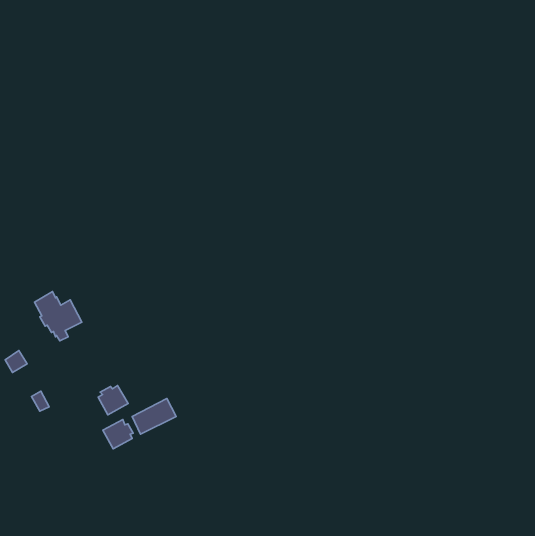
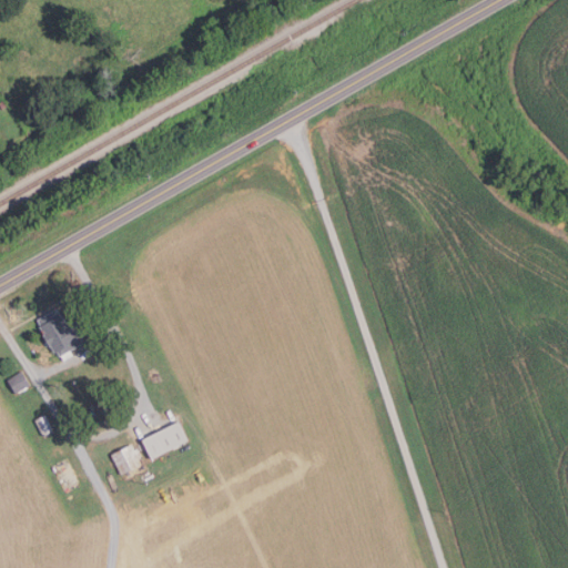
building: [98,385,128,415] -> none

